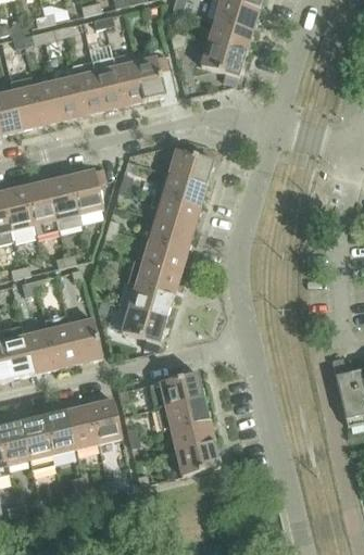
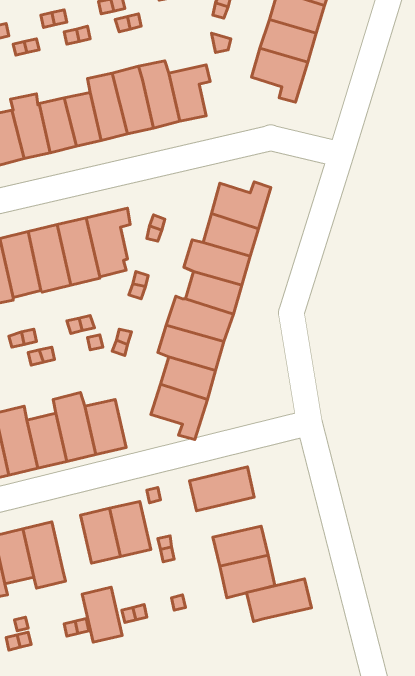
building: [158,395,209,429] -> [247,579,311,622]
building: [43,409,75,453] -> [82,587,122,642]

